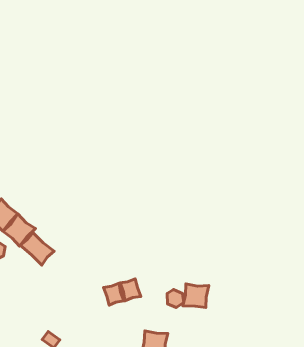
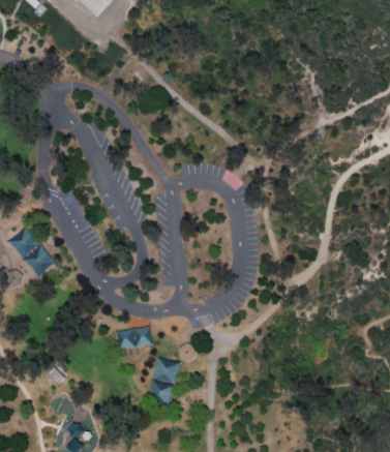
building: [20,232,54,265] -> none
building: [183,284,209,308] -> [152,358,181,385]

